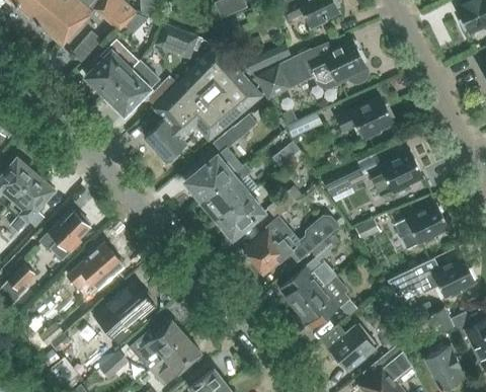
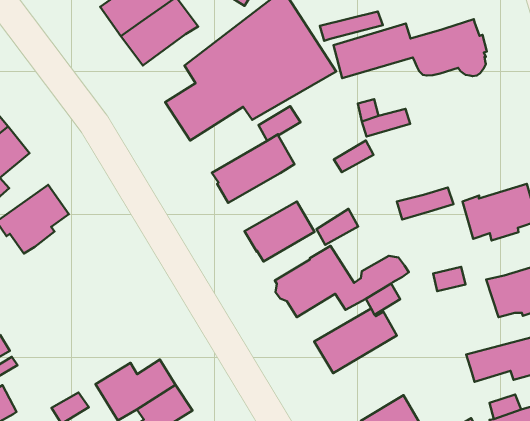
building: [336,96,393,140] -> none
building: [200,163,256,219] -> none
building: [67,243,124,290] -> none
building: [296,275,349,329] -> none
building: [104,283,153,337] -> none

